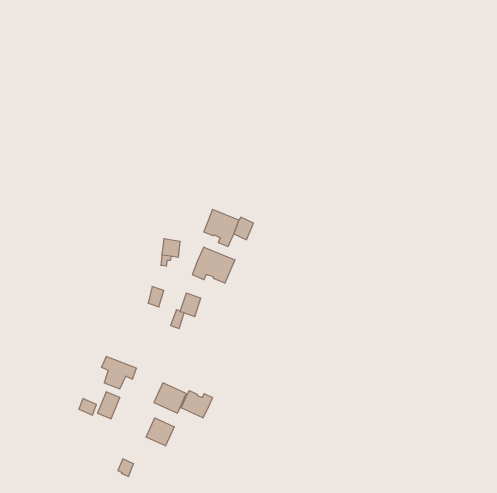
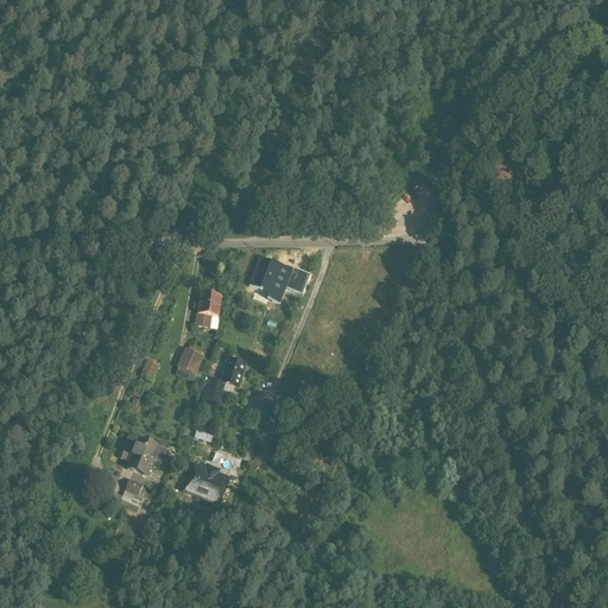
building: [193,247,235,283] -> none
building: [181,391,212,418] -> none
building: [146,418,174,446] -> none

